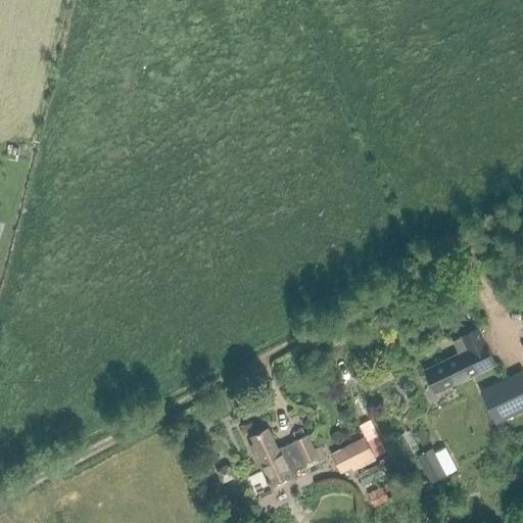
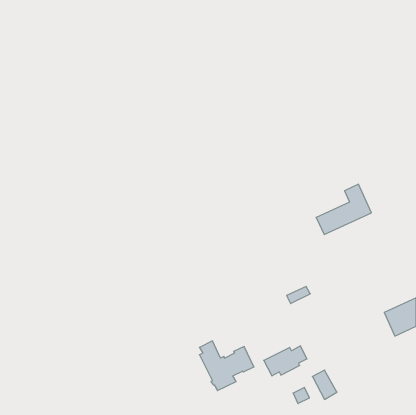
building: [426,328,495,391] -> [316,184,371,235]
building: [417,446,447,483] -> [312,370,337,399]

